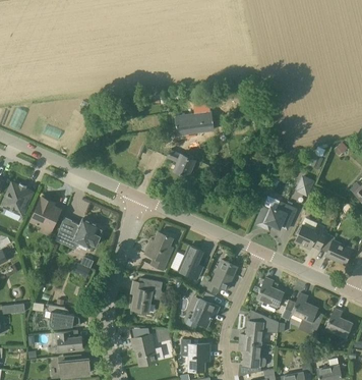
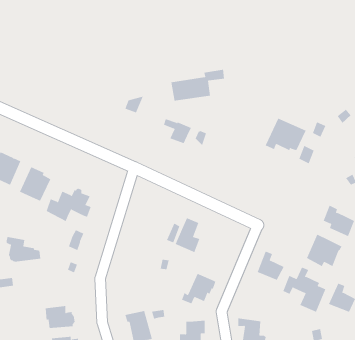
building: [256,197,296,228] -> [265,118,306,151]
building: [295,217,329,249] -> [306,234,342,267]
building: [144,231,173,269] -> none
building: [199,259,237,294] -> none
building: [132,277,163,312] -> none
building: [47,304,80,328] -> [6,237,41,262]
building: [239,310,279,344] -> none

